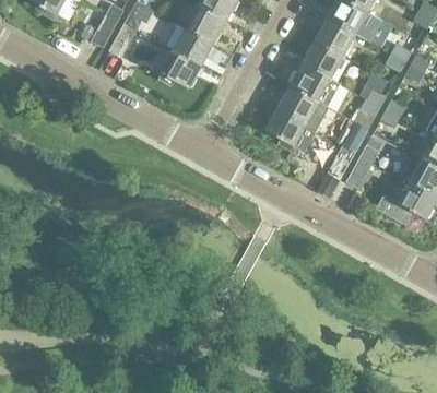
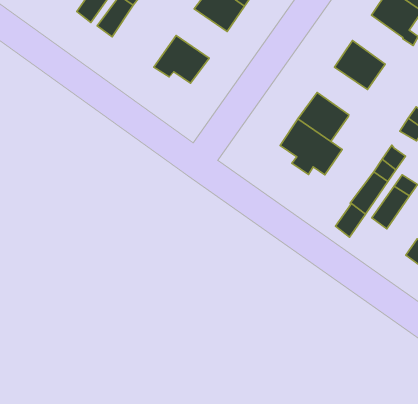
building: [315,17,355,56] -> none
building: [173,27,213,66] -> none
building: [291,62,340,106] -> none

